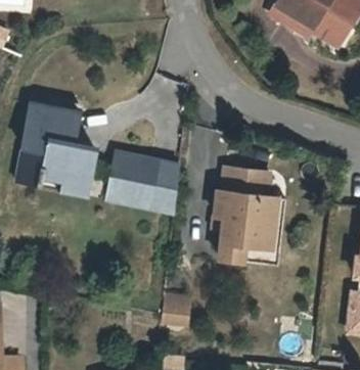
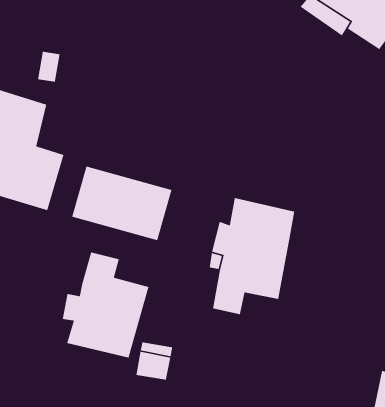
building: [235,193,280,261] -> none
building: none -> [62,252,149,359]

